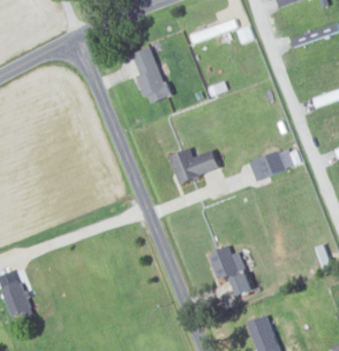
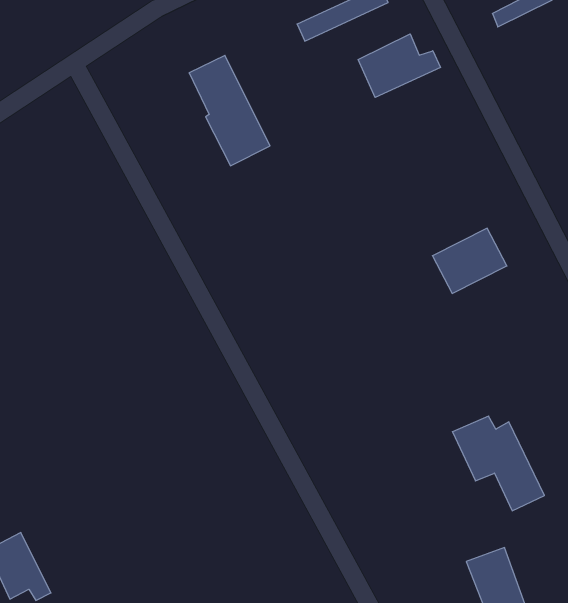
building: none -> [358,34,440,97]
building: [167,148,219,183] -> none
building: [208,246,252,297] -> [452,416,544,511]

